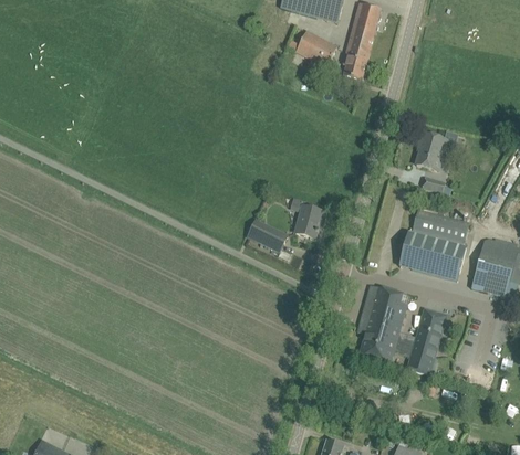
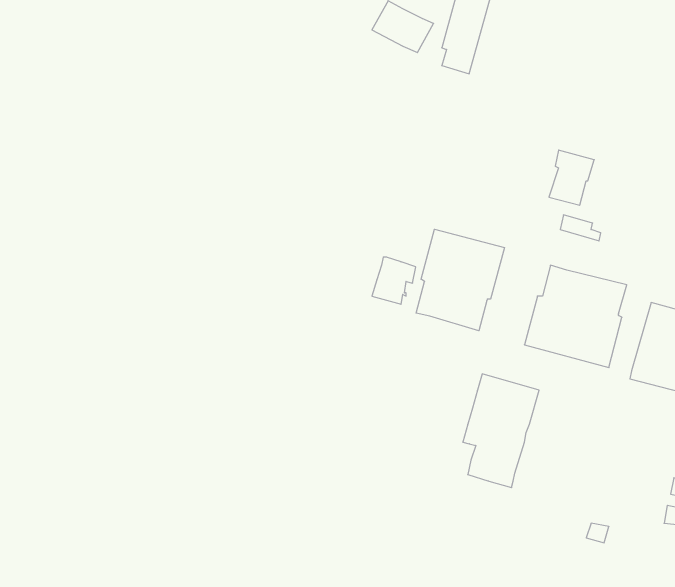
building: none -> [416,229,505,331]
building: [247,219,287,250] -> none
building: [407,314,444,373] -> none

